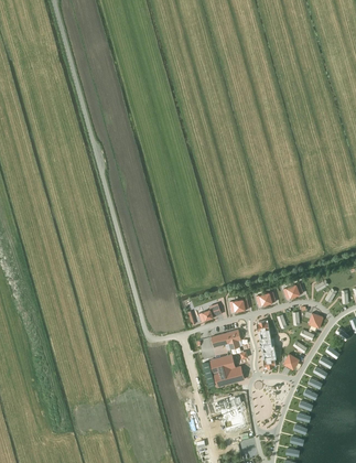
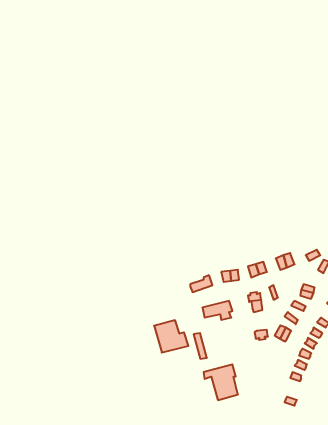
building: [209,354,244,386] -> [154,320,188,353]

